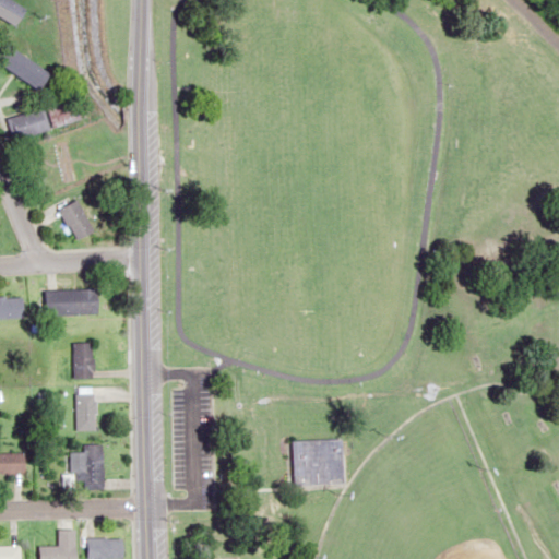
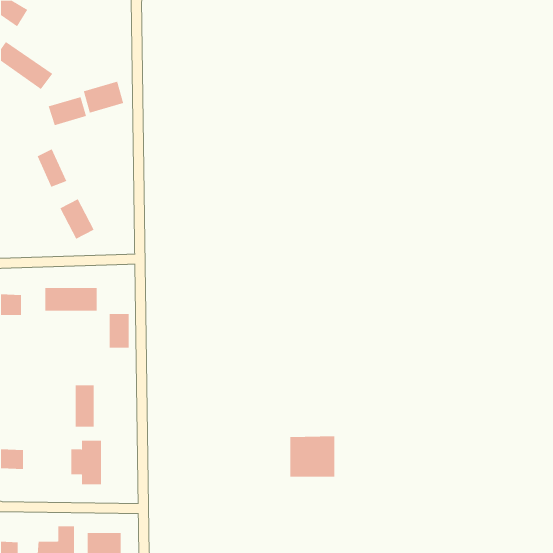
building: none -> [83,81,124,113]
building: [8,108,52,142] -> none
building: [73,344,94,379] -> [109,313,129,348]

